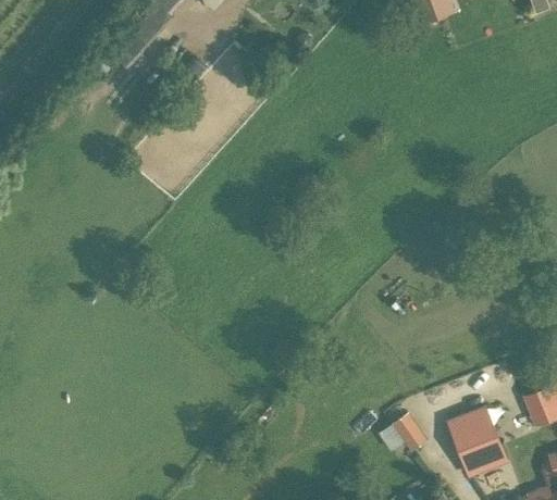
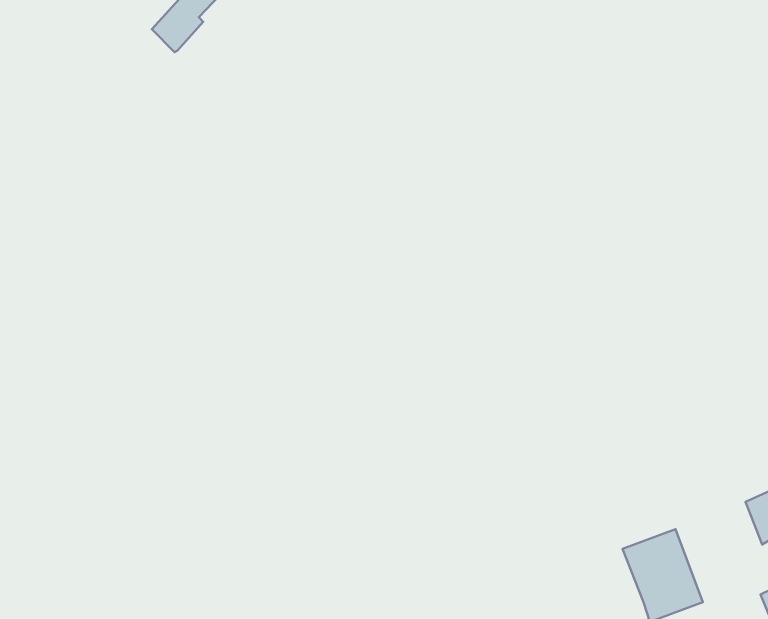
building: [392,411,426,450] -> none

